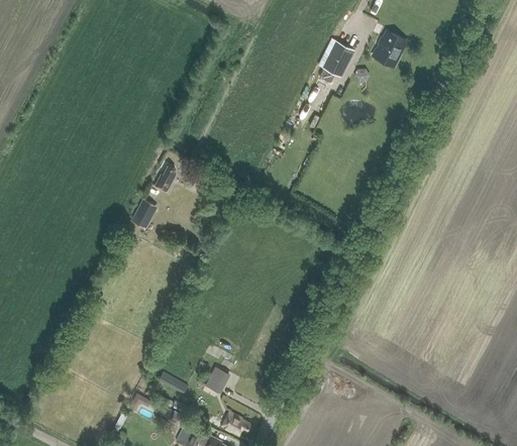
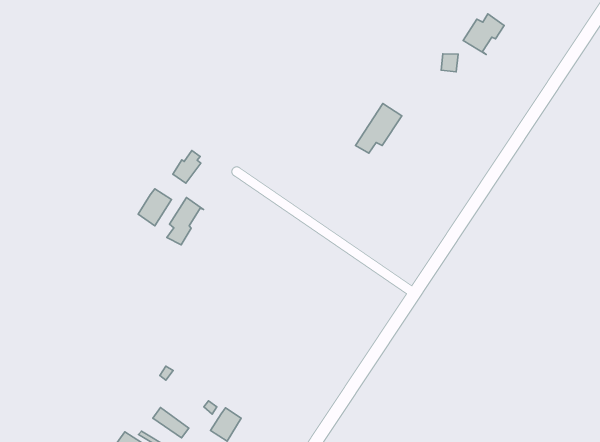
building: [319,42,353,83] -> [356,104,402,153]
building: none -> [167,198,204,245]

